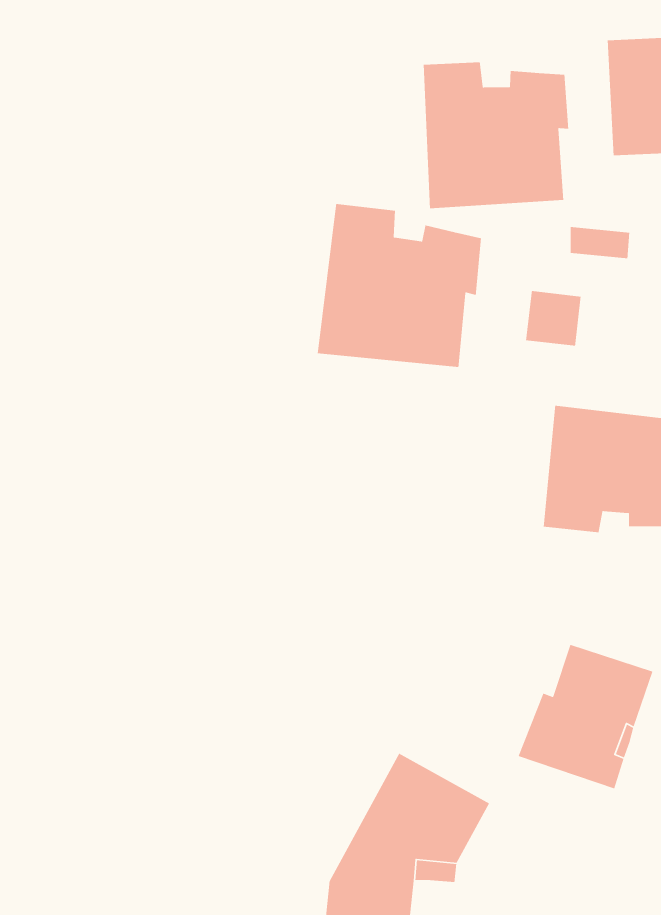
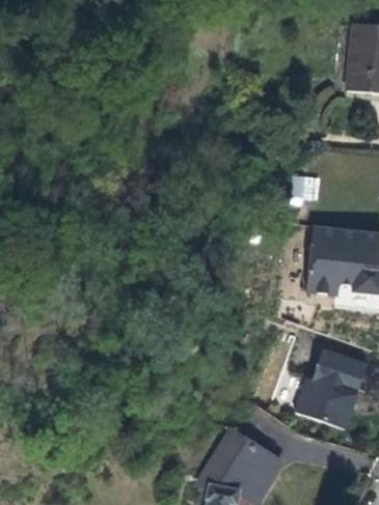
building: [423,61,569,209] -> none
building: [317,203,482,368] -> none

